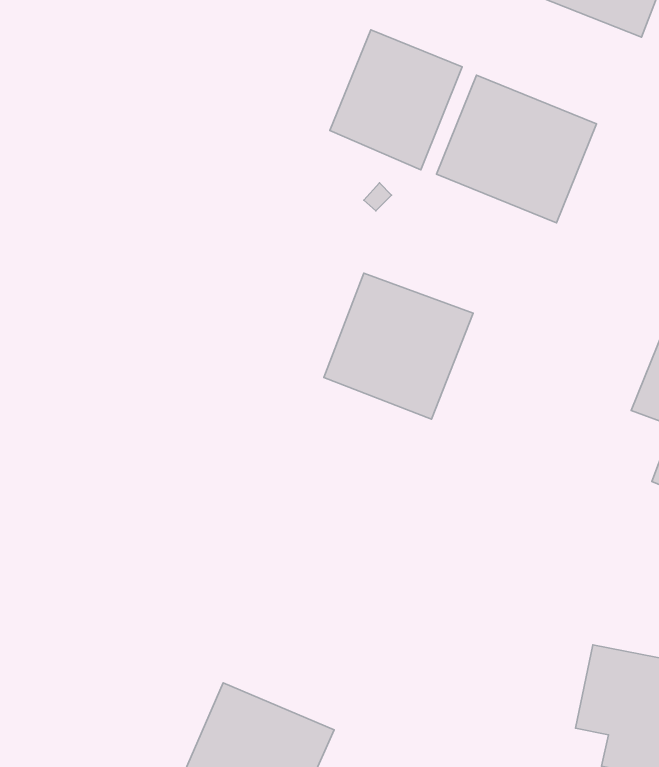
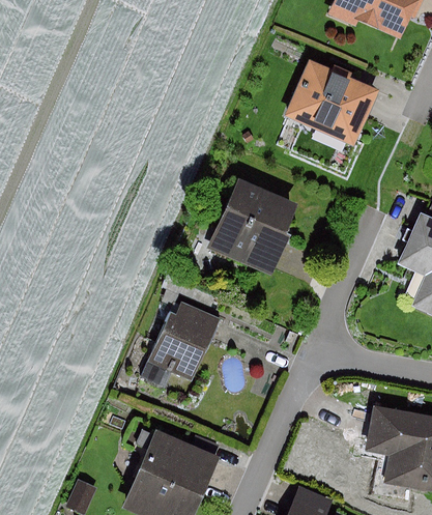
building: [330,30,462,170] -> none
building: none -> [149,302,217,380]

